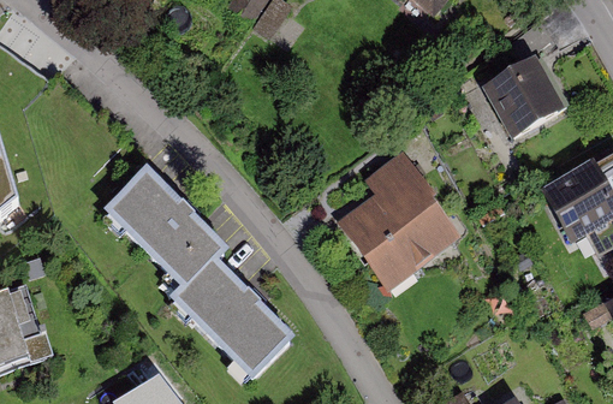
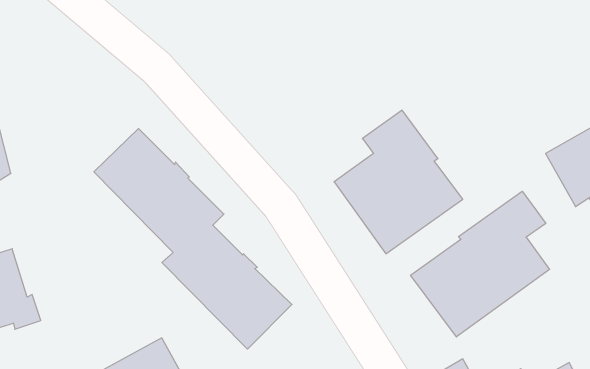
building: [482,57,565,139] -> none
building: none -> [411,191,550,337]

